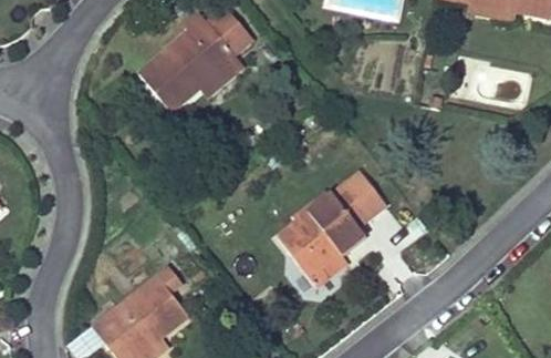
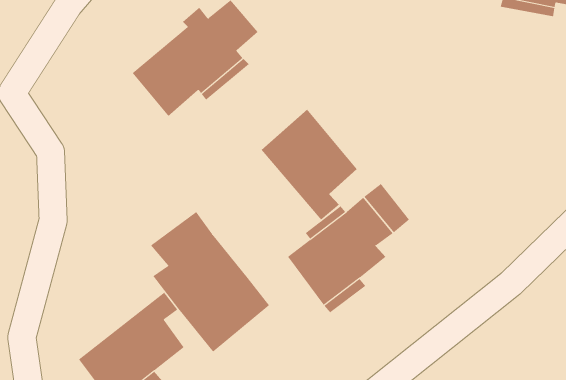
building: none -> [261,109,358,221]
building: none -> [150,211,270,352]

